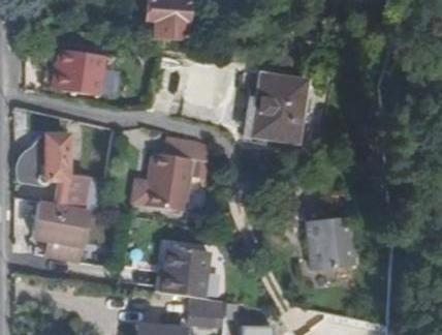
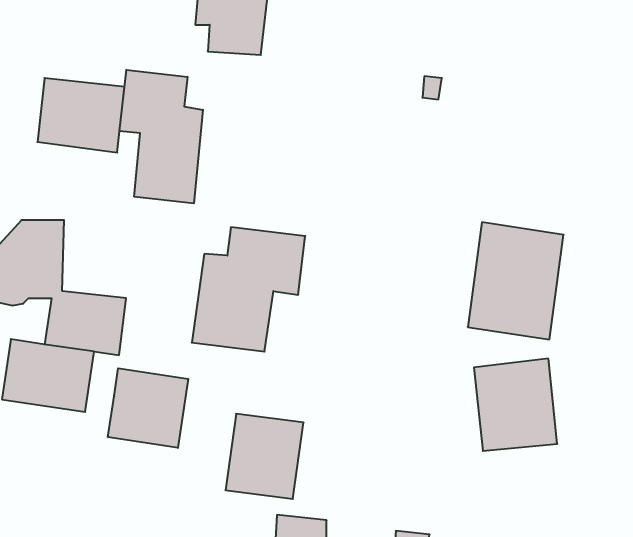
building: none -> [120,70,203,203]
building: [251,74,307,143] -> [468,222,564,339]
building: none -> [108,368,188,448]

